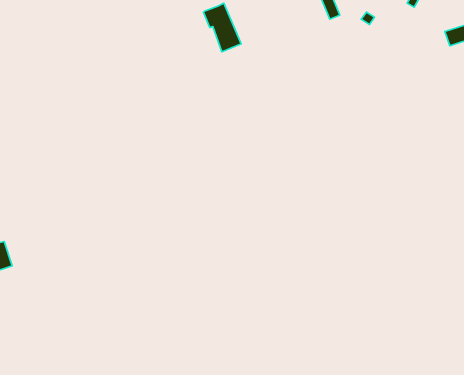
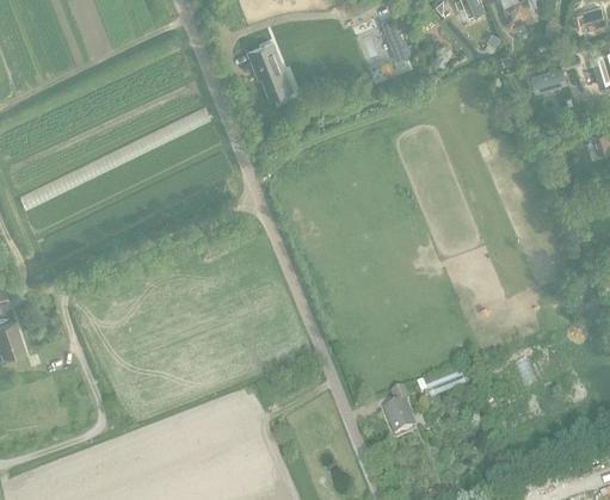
building: none -> [383,384,412,431]

